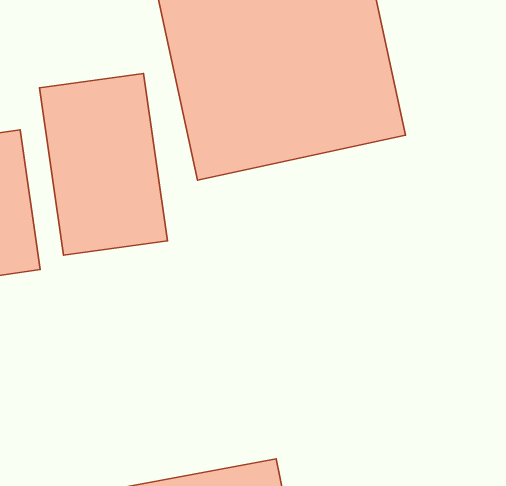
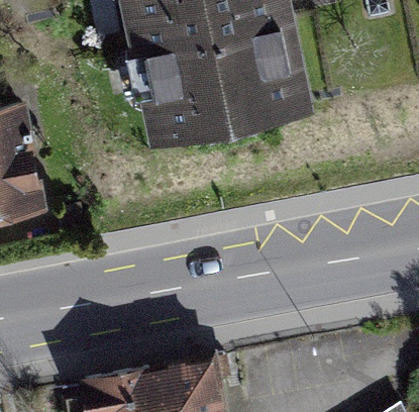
building: [40,73,168,255] -> none

